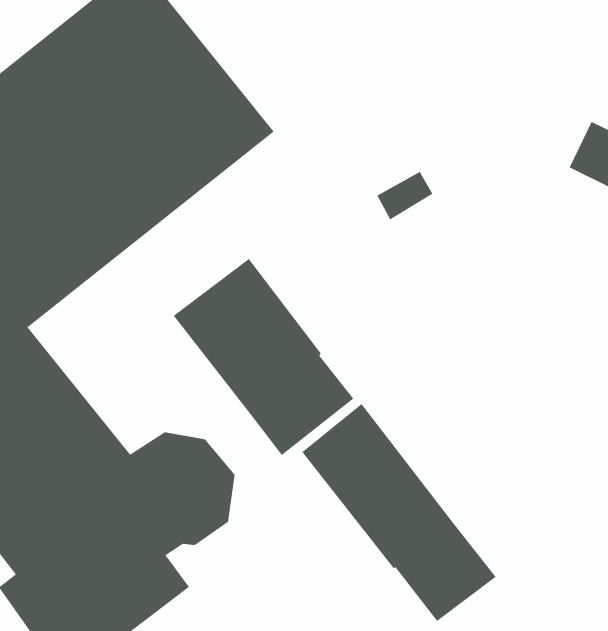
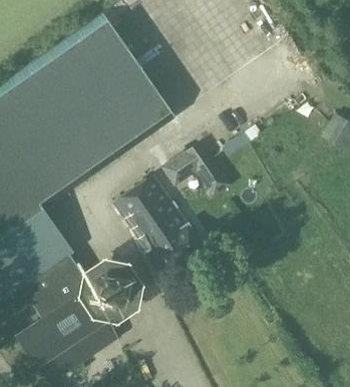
building: none -> [161,141,233,199]
building: [301,403,497,622] -> none

